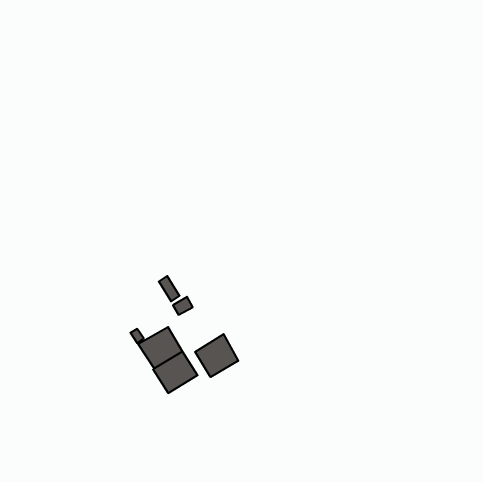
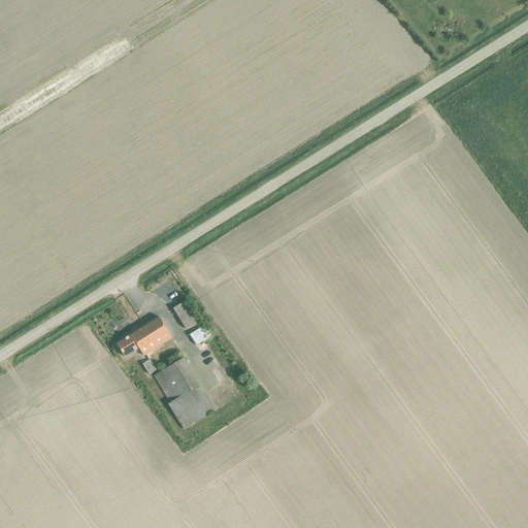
building: none -> [117,317,172,356]
building: [195,334,238,377] -> none

